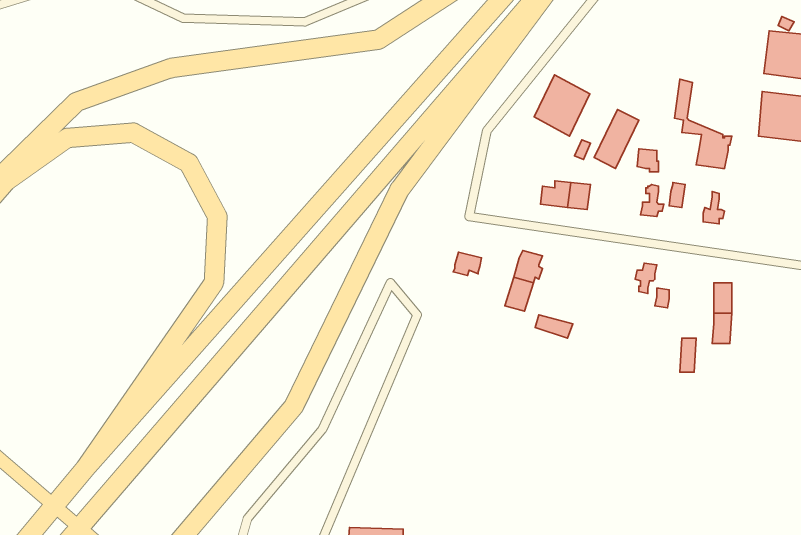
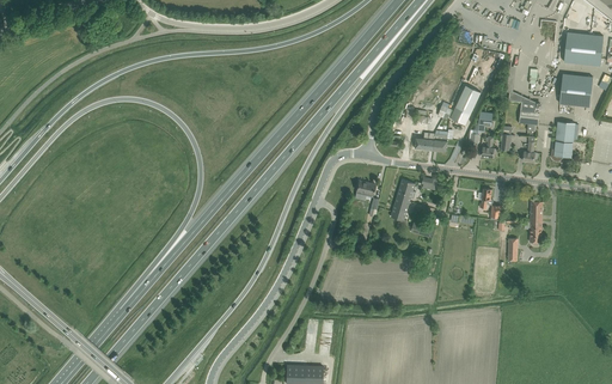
building: [534,75,590,136] -> none
building: none -> [552,121,579,160]

